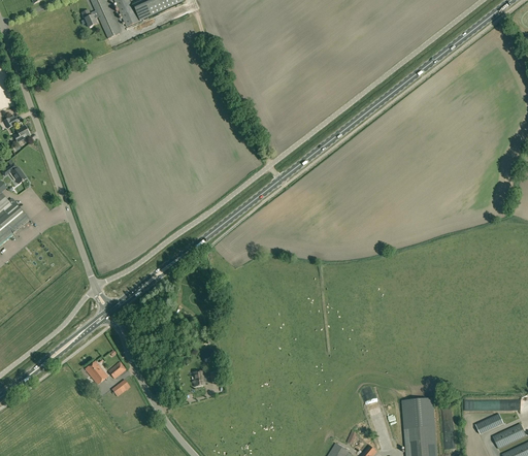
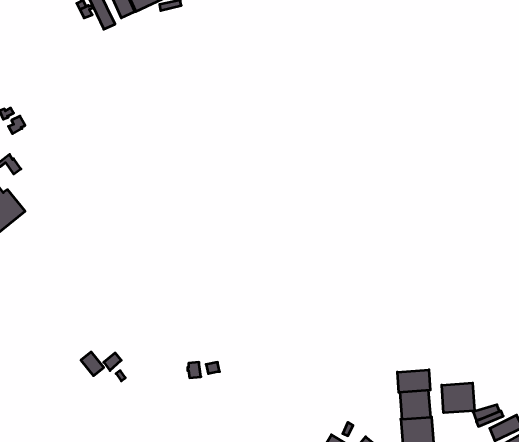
building: none -> [397,370,430,392]
building: none -> [442,383,475,413]

